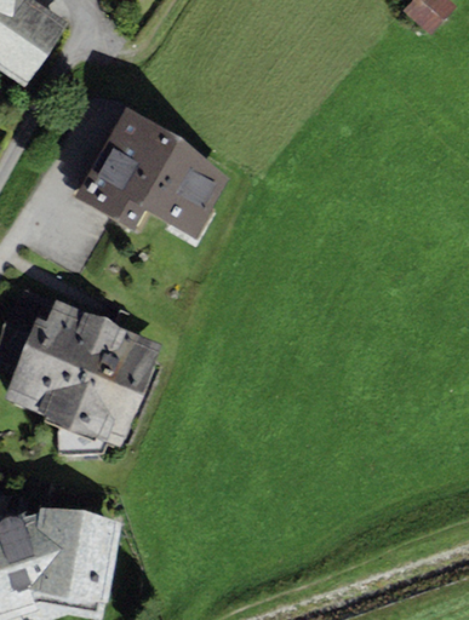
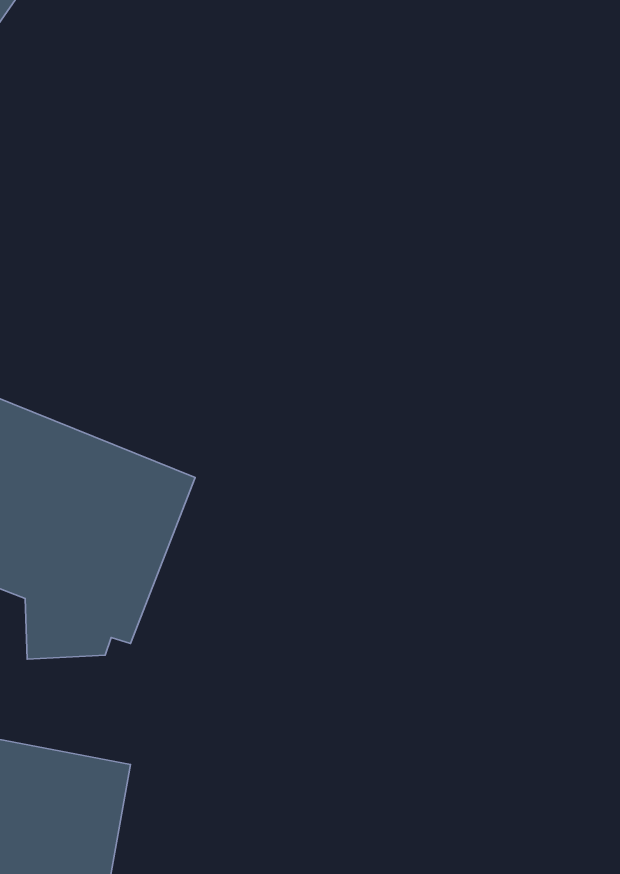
building: [73,107,227,236] -> none

